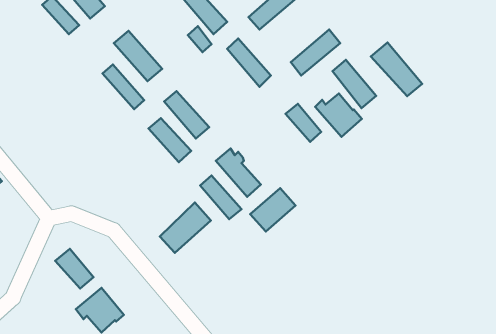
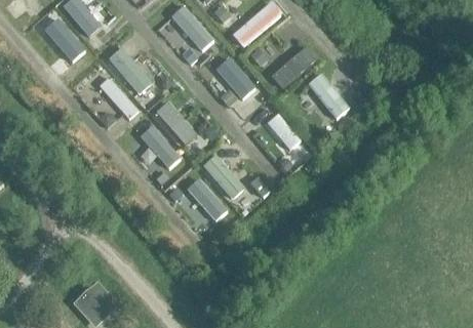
building: [371,43,422,96] -> none
building: [315,93,362,137] -> none
building: [250,188,296,231] -> none
building: [160,203,211,253] -> none
building: [55,249,93,289] -> none

